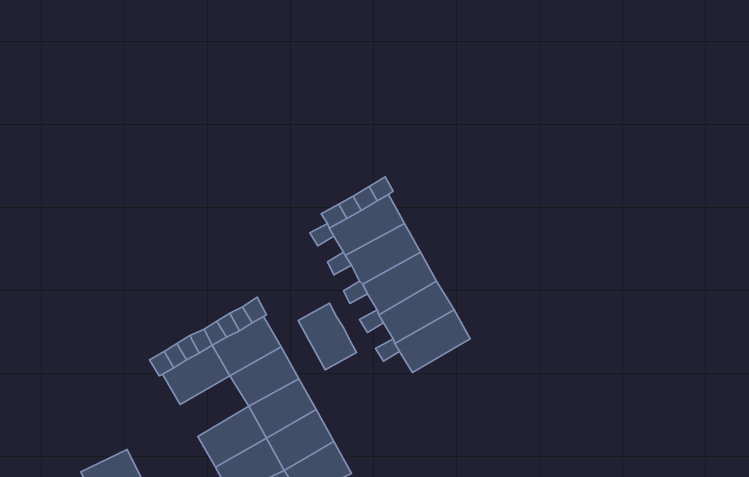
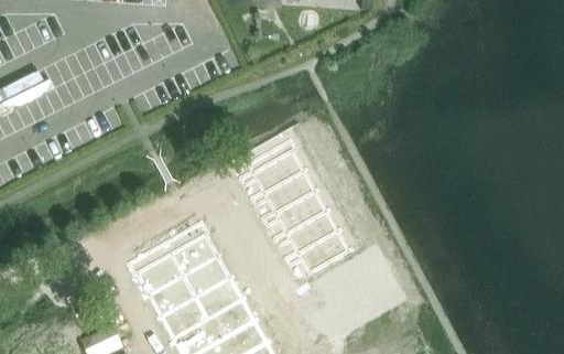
building: [298,303,357,370] -> none
building: none -> [149,273,196,315]

